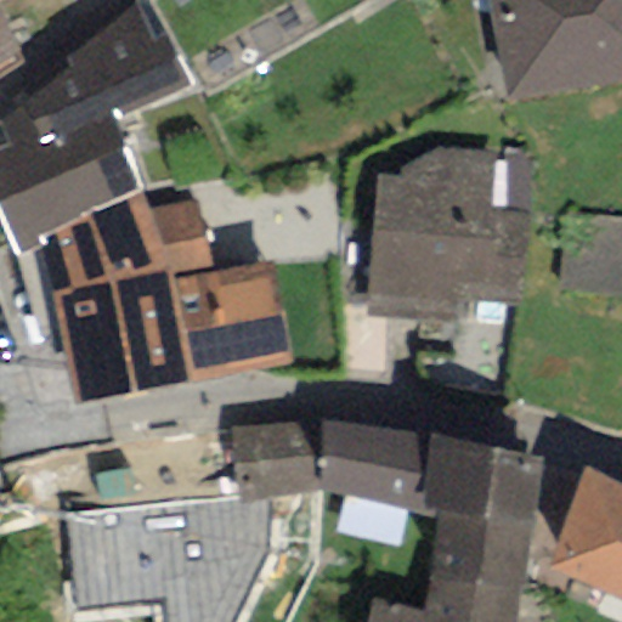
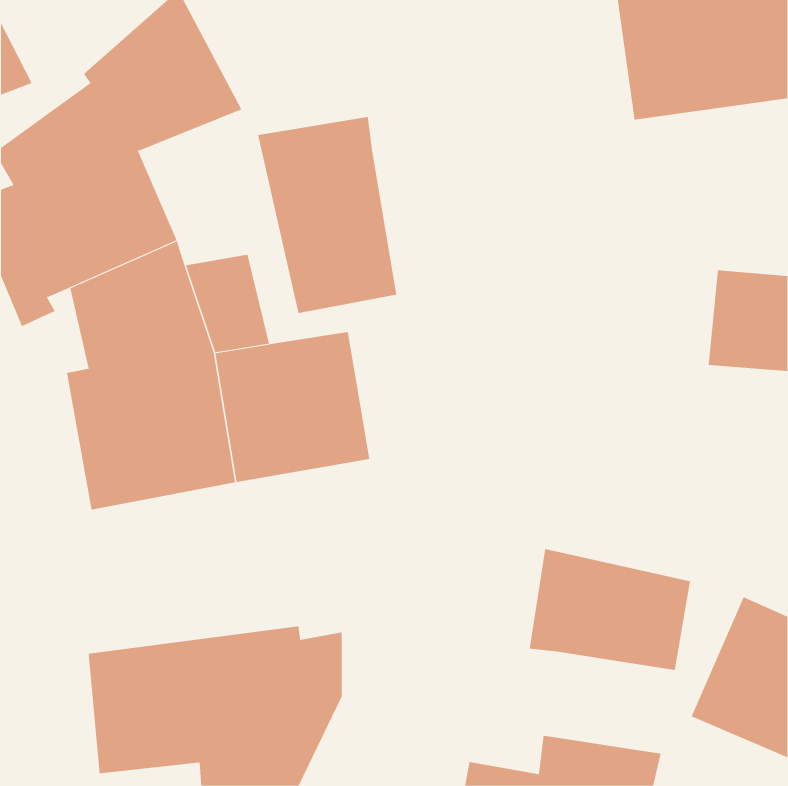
building: none -> [257,116,397,314]
building: [363,146,532,320] -> none
building: [230,420,429,511] -> none
building: [428,514,532,594] -> none

